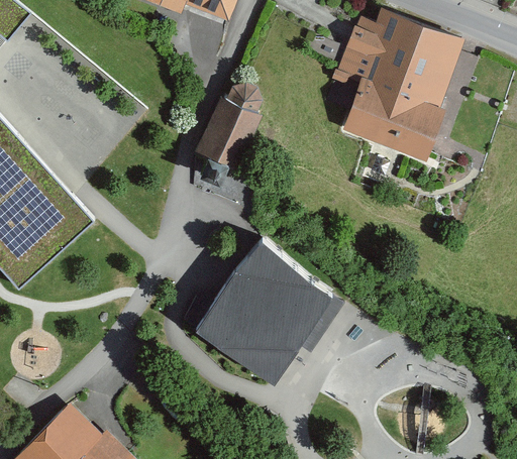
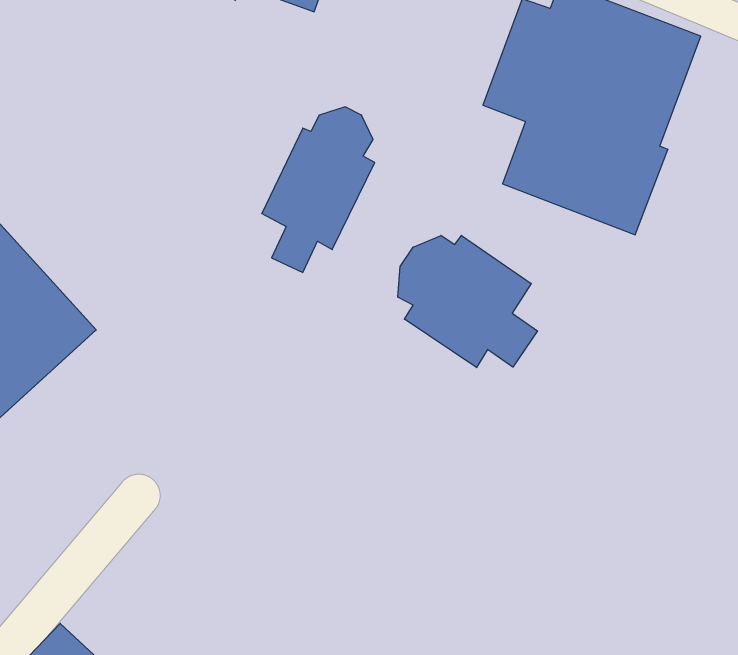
building: none -> [398,235,538,368]
building: [194,241,330,382] -> none

